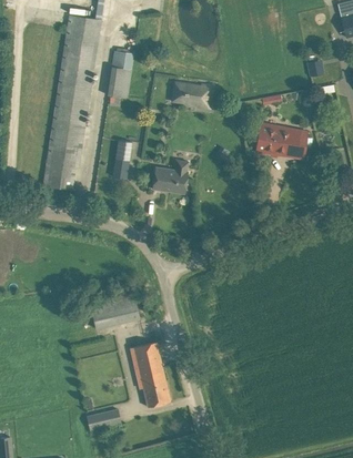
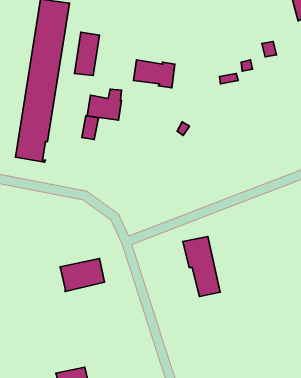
building: [255,122,305,157] -> none
building: [151,160,188,193] -> [87,89,121,120]
building: [129,342,169,406] -> [183,236,220,296]

